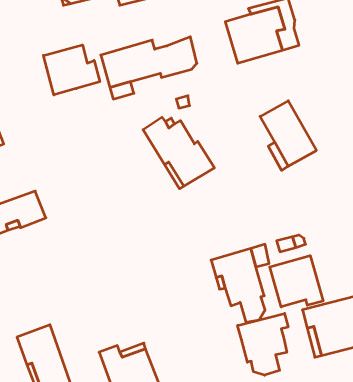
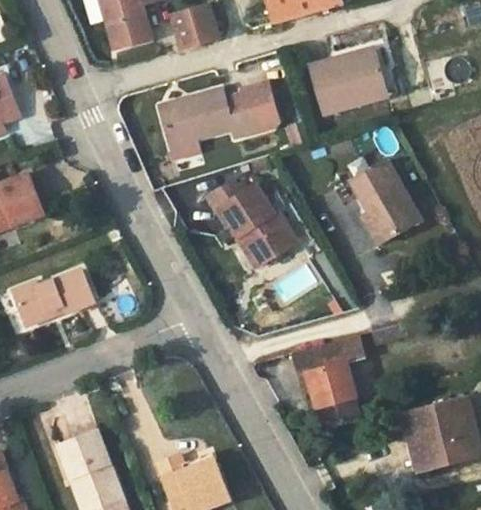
building: [43,45,100,95] -> none
building: [270,256,323,307] -> none
building: [238,313,288,375] -> none

